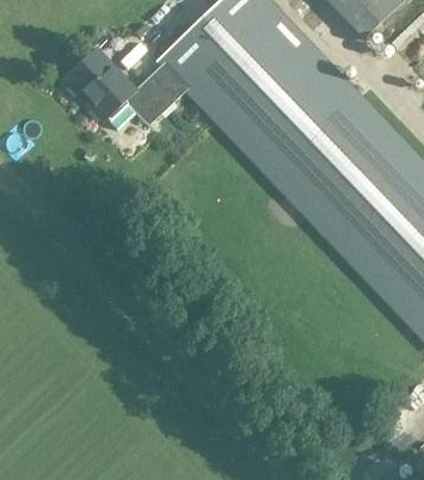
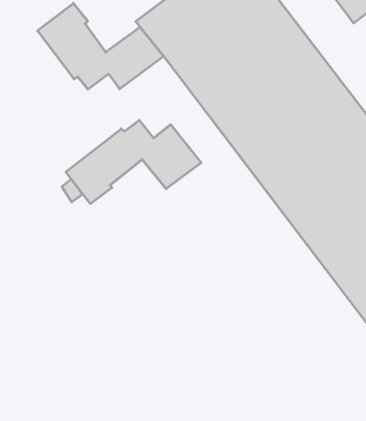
building: none -> [66,120,201,204]

